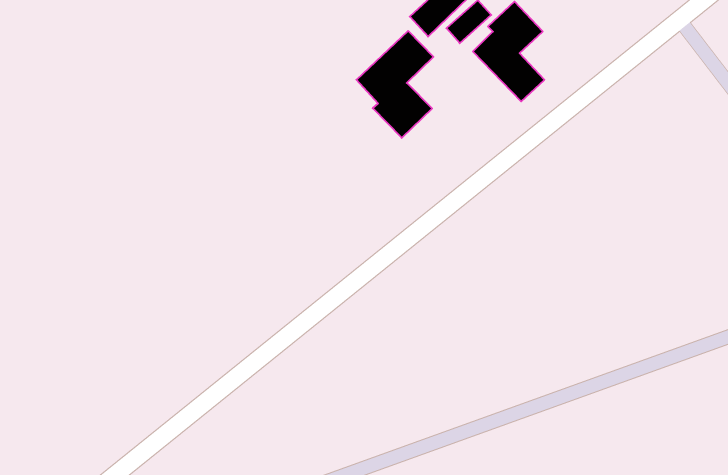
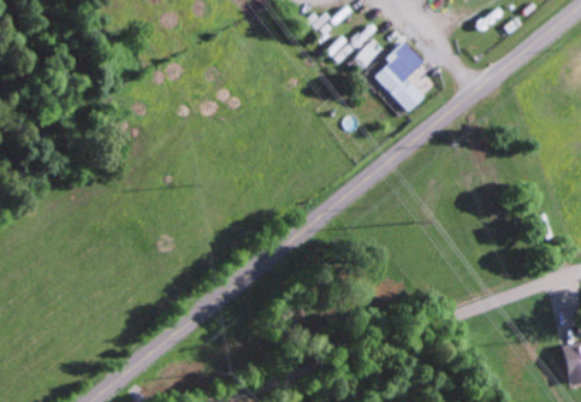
building: [356,31,433,138] -> none

